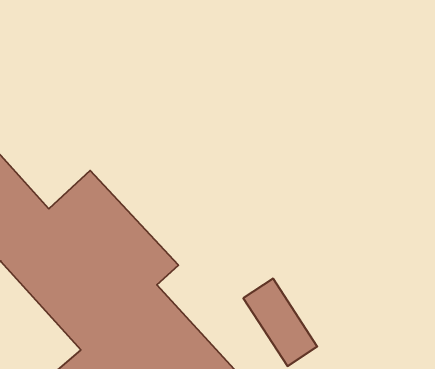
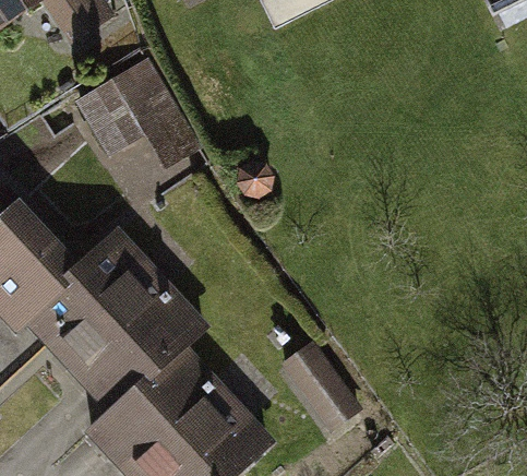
building: none -> [77,60,178,154]

